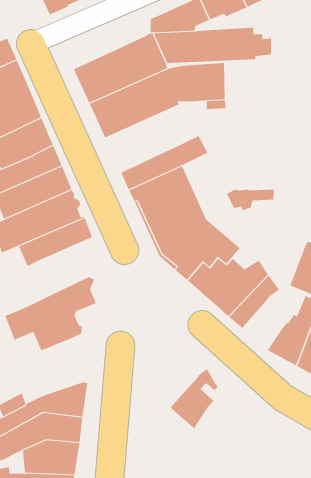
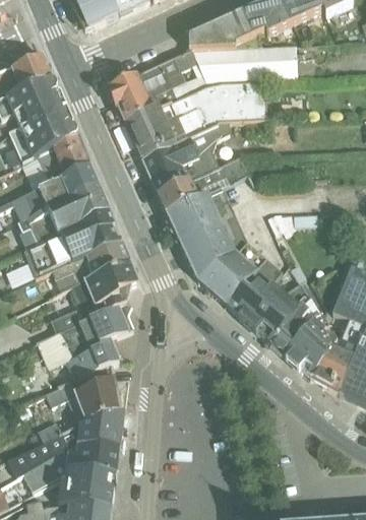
building: none -> [142,122,230,195]
building: none -> [52,262,139,335]
building: none -> [47,366,120,426]
building: [170,368,219,429] -> [285,316,336,379]

